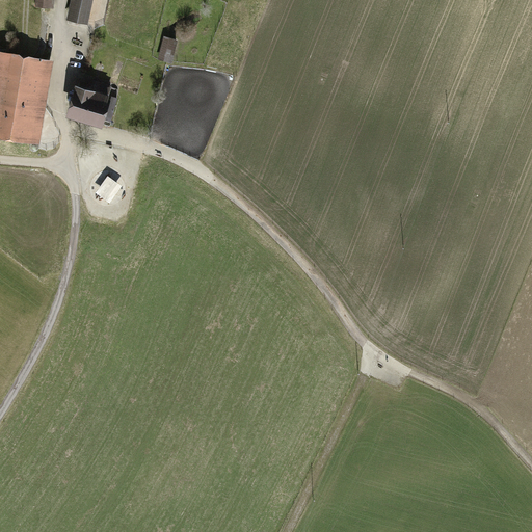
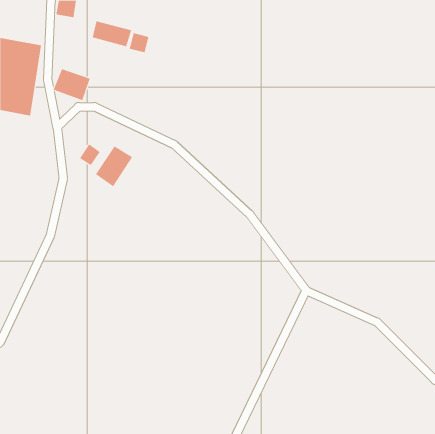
building: none -> [92,20,132,47]
building: none -> [95,146,133,187]

